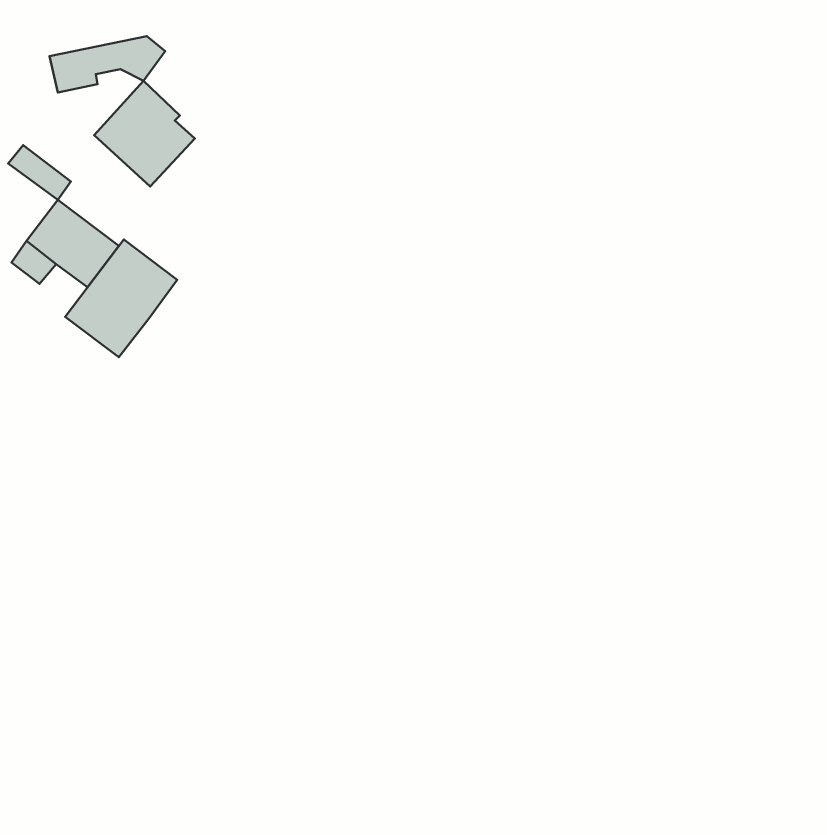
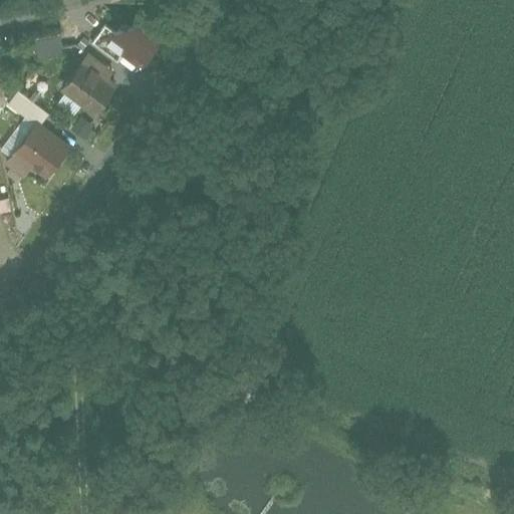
building: none -> [103,16,164,67]
building: [65,239,177,357] -> none

